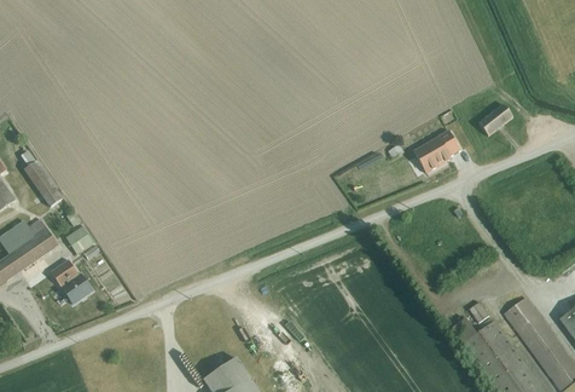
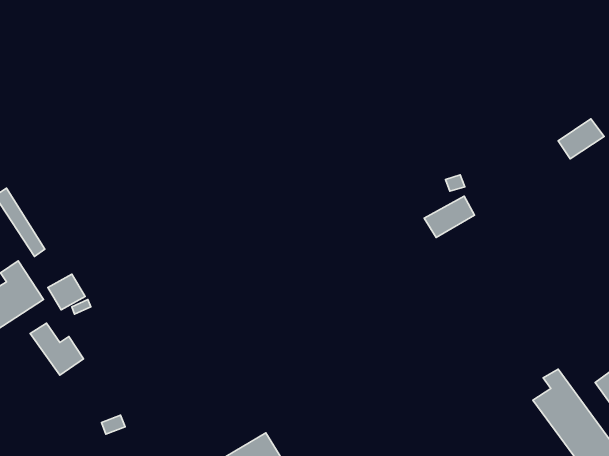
building: [419,129,460,163] -> [424,196,475,238]

